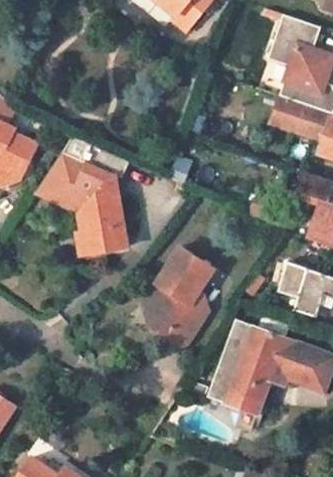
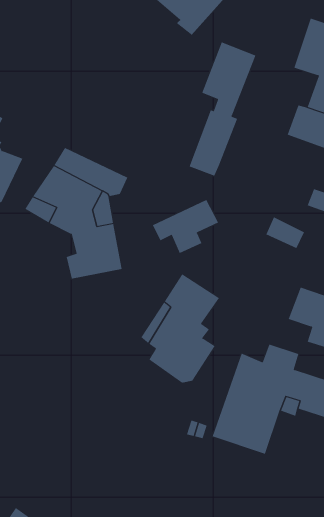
building: none -> [189,41,256,177]
building: none -> [152,199,219,254]

